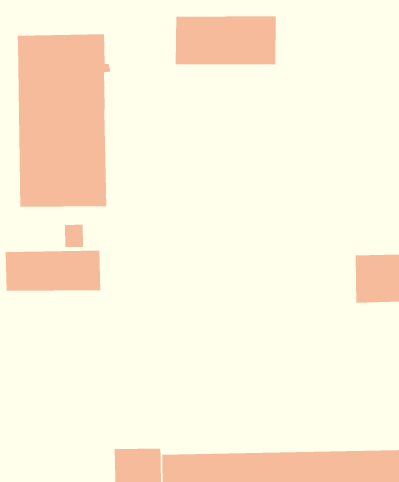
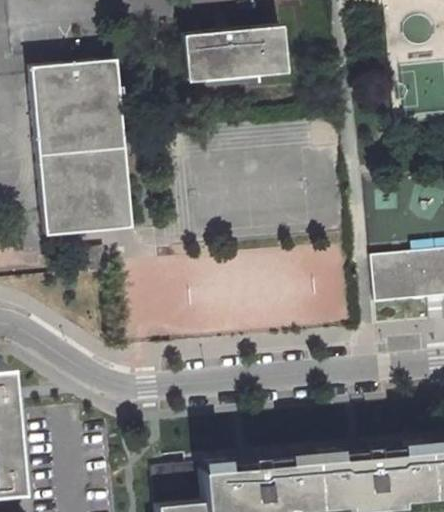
building: [5,250,101,292] -> none

